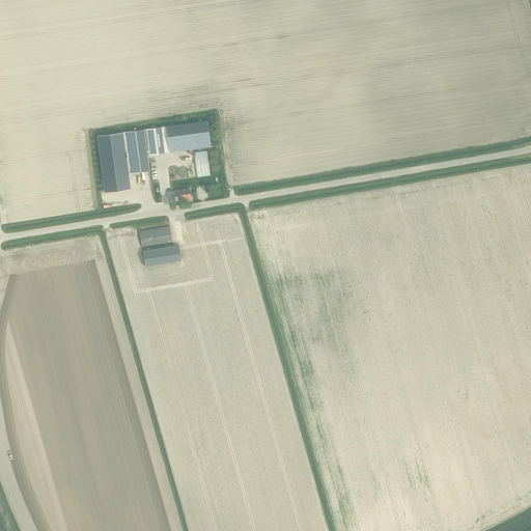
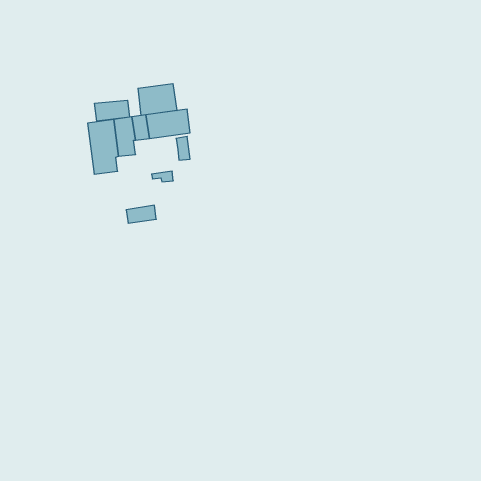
building: none -> [138,84,177,115]
building: none -> [95,100,129,121]
building: [142,245,180,266] -> none

